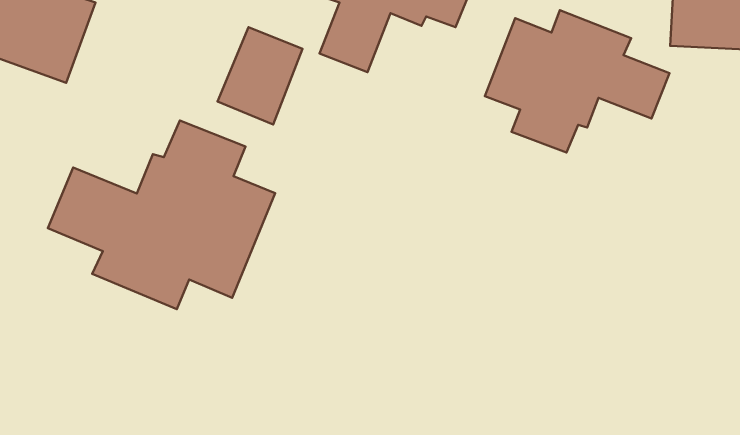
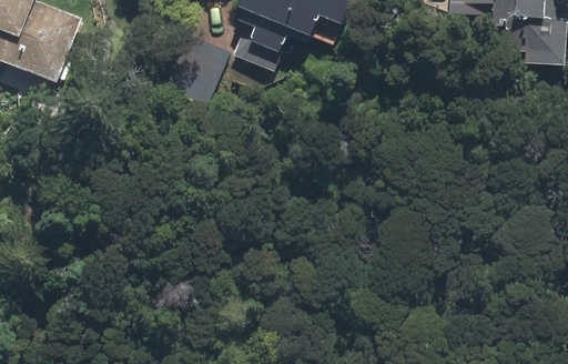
building: [485,10,670,152] -> none
building: [48,120,275,309] -> none

